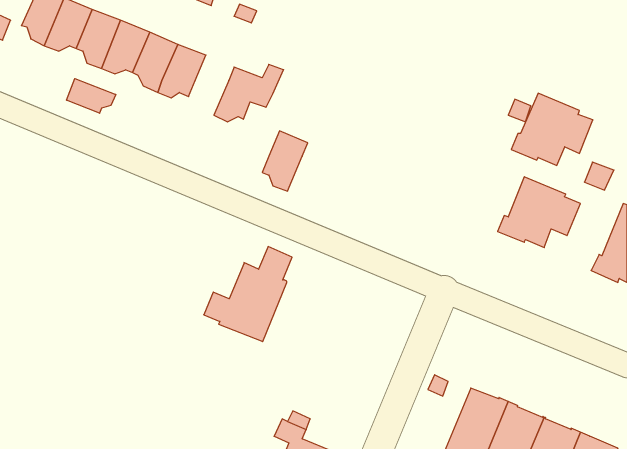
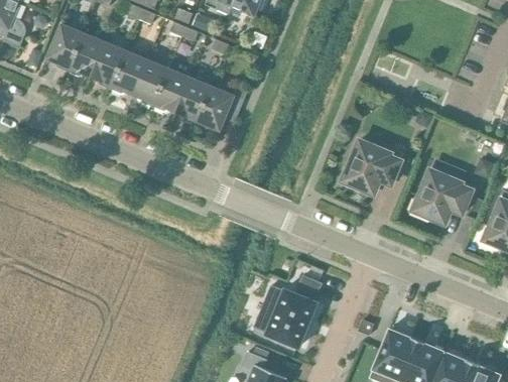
building: [67,79,116,113] -> none
building: [511,93,593,165] -> [339,139,400,194]
building: [262,131,308,191] -> [176,78,211,123]
building: [204,247,292,342] -> [254,275,321,347]

